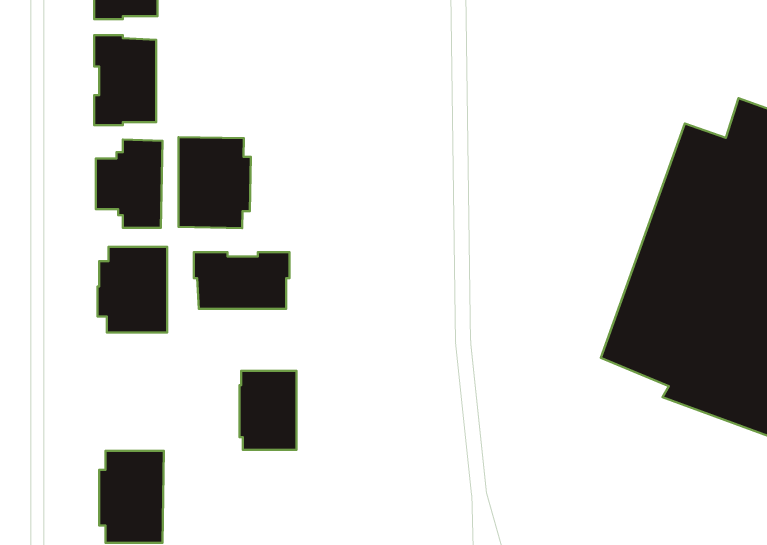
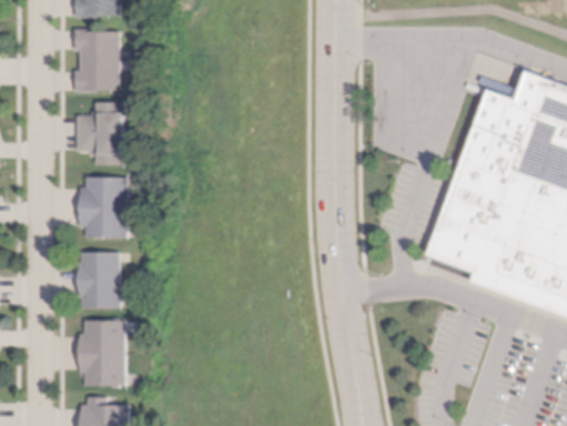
building: [178,137,251,228] -> none
building: [194,252,290,309] -> none
building: [240,371,297,450] -> [79,251,119,306]

